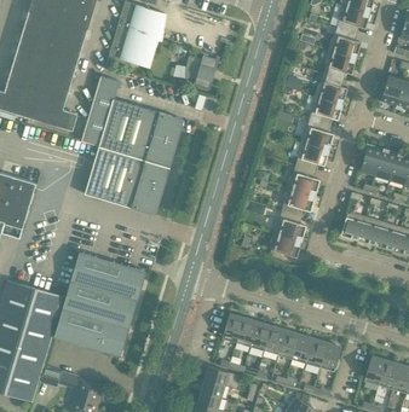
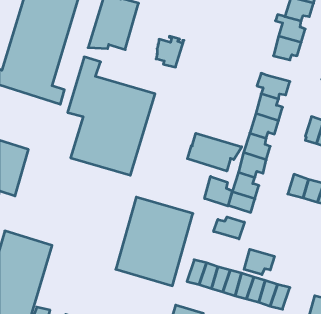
building: [316,74,347,104] -> none
building: none -> [187,133,242,171]
building: none -> [205,176,232,206]
building: [54,251,145,355] -> [116,197,193,286]
building: none -> [214,217,244,239]
building: none -> [244,249,274,275]

